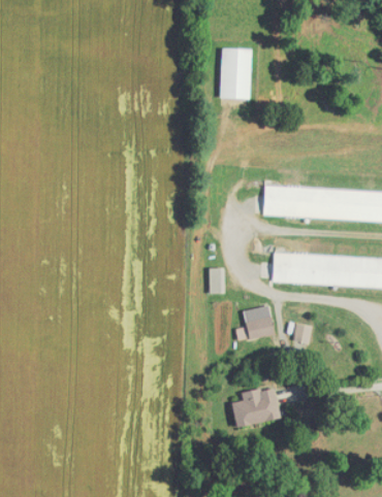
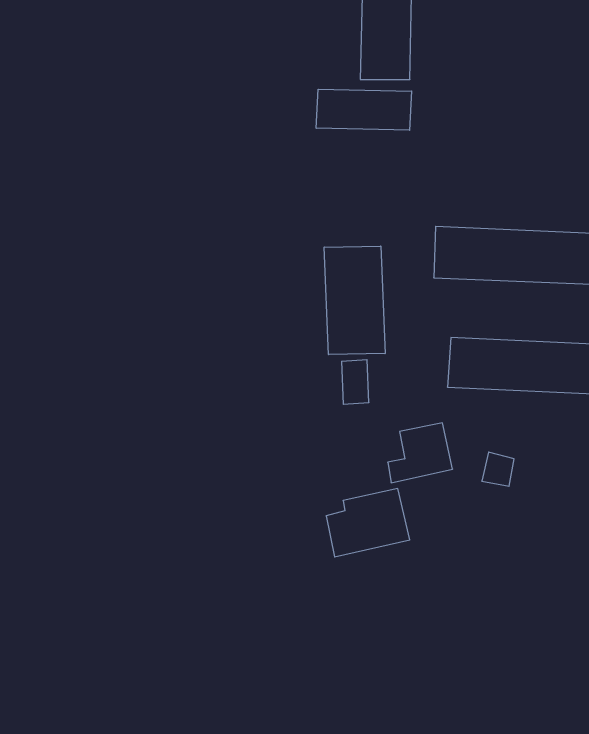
building: none -> [316,89,412,130]
building: none -> [324,246,385,355]
building: [230,386,281,427] -> [326,489,410,557]

